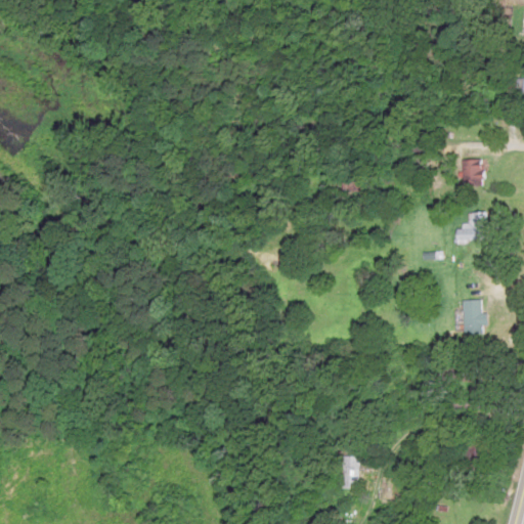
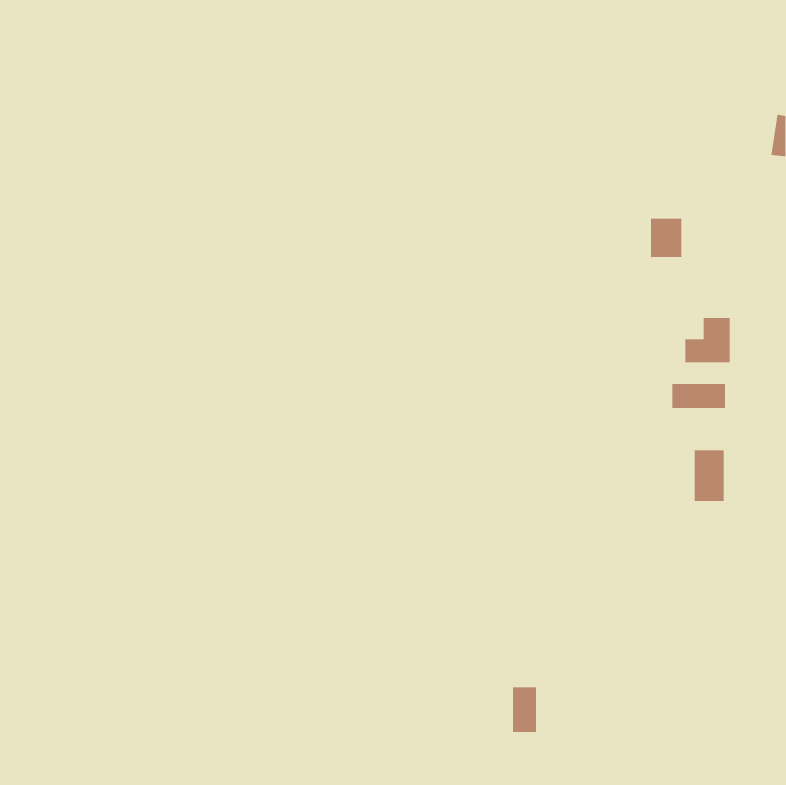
building: [461,159,482,185] -> [650,218,682,258]
building: none -> [672,383,726,409]

